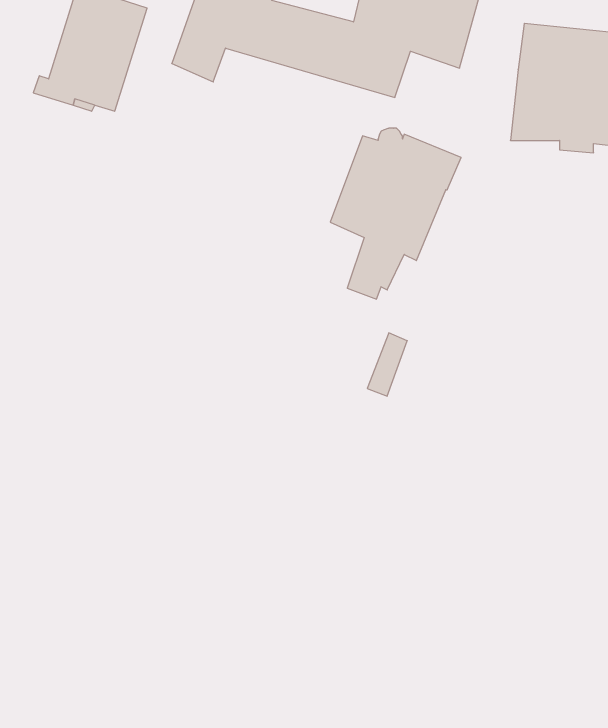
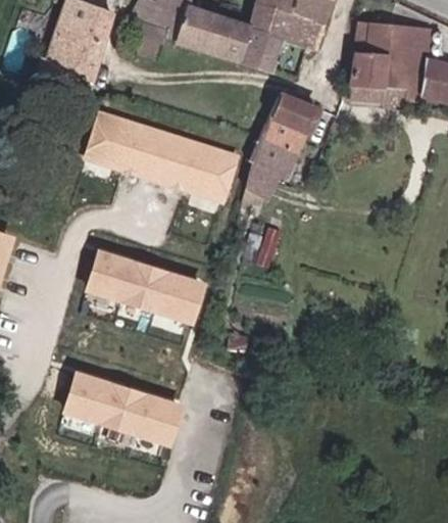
building: none -> [89,115,237,198]
building: none -> [90,252,203,320]
building: none -> [68,375,181,441]

